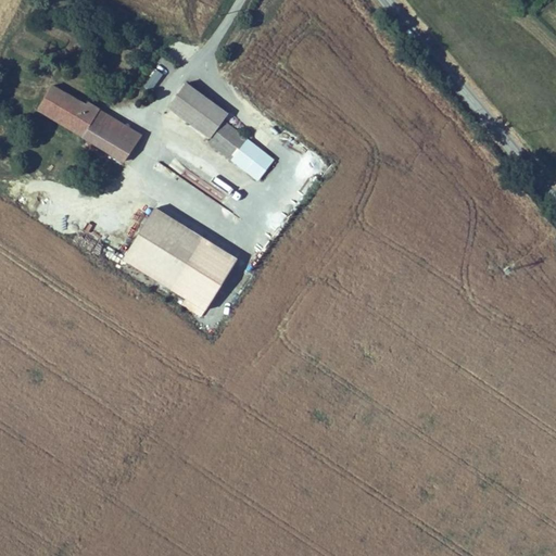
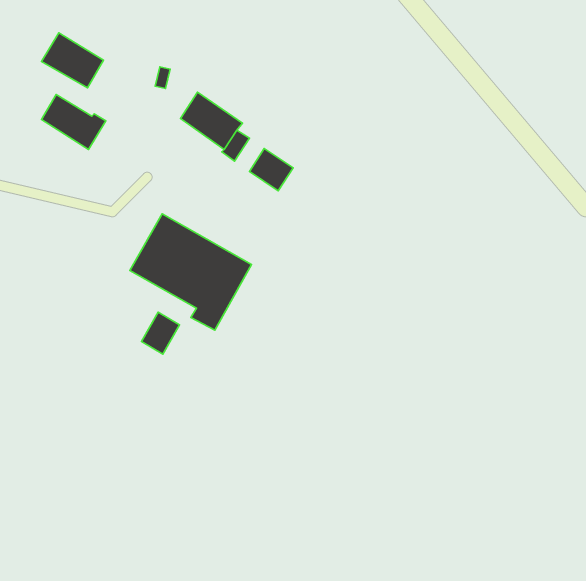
building: [84,114,142,166] -> [41,33,104,88]
building: [222,130,250,162] -> none
building: none -> [142,312,179,354]

